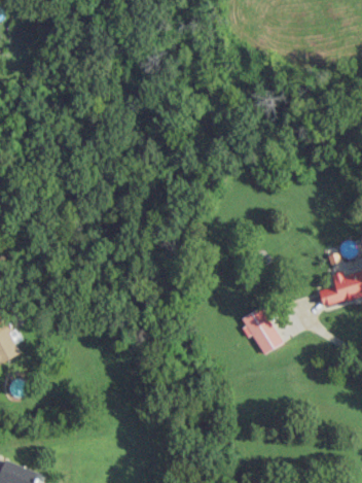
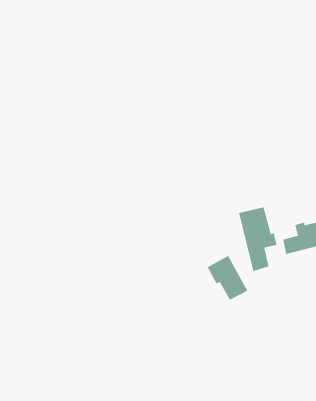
building: none -> [238,207,277,272]

